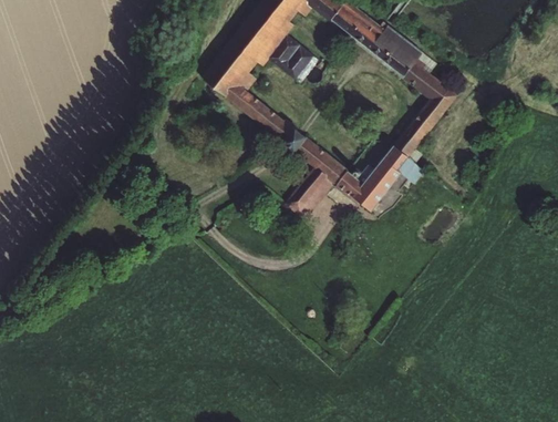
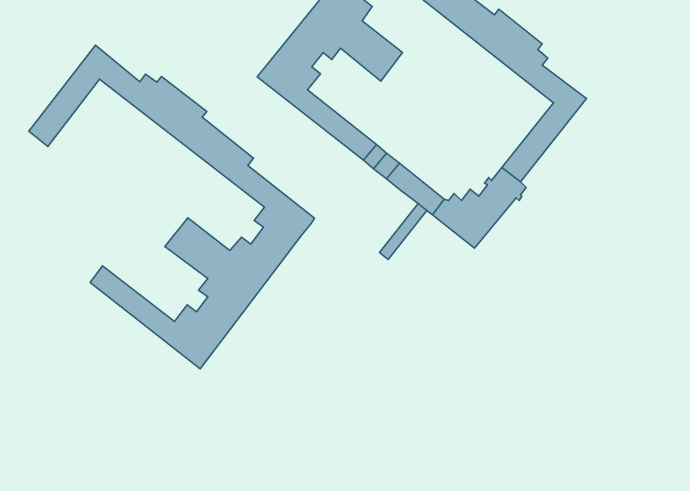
building: none -> [29,45,314,369]
building: [287,167,329,215] -> none

